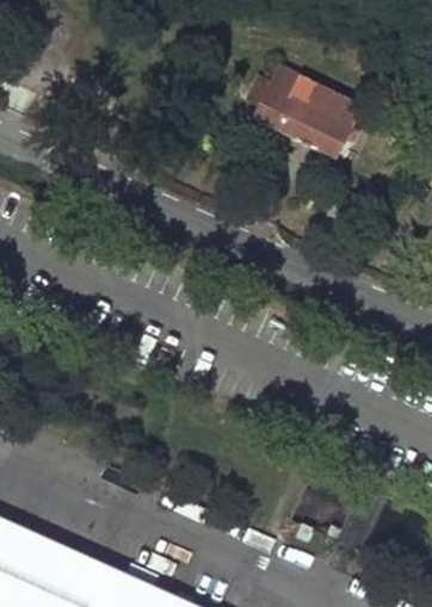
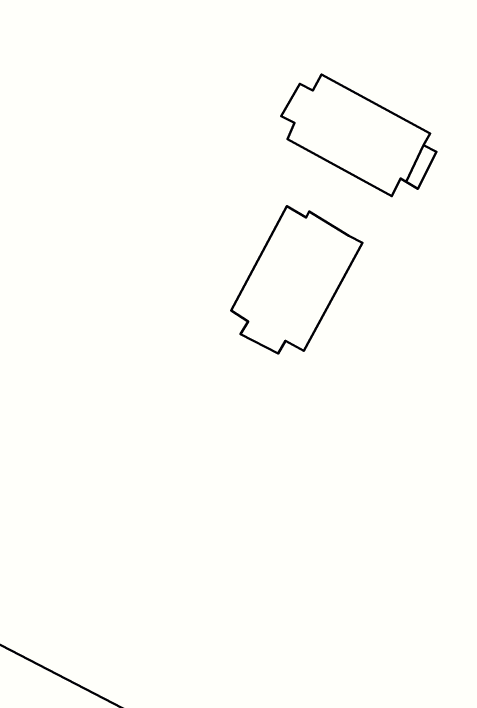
building: none -> [231,206,362,354]

